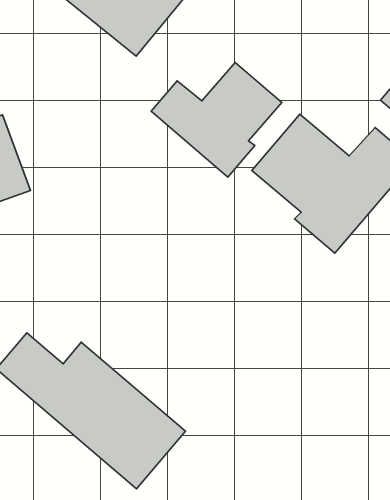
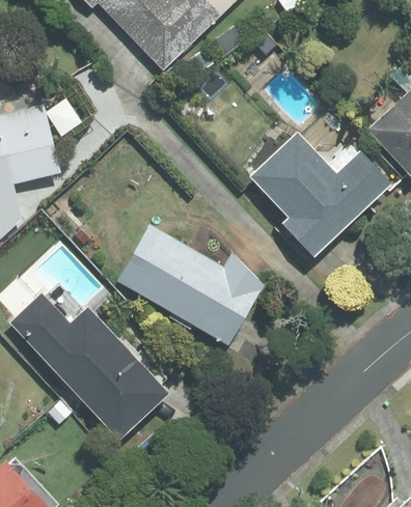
building: [151,63,282,177] -> none
building: none -> [118,226,263,344]

